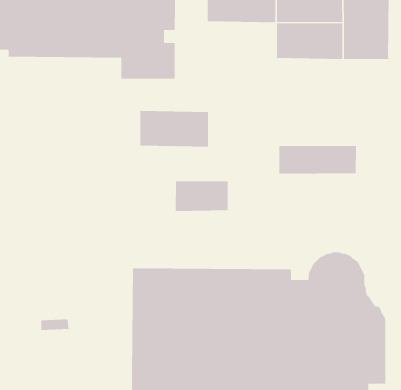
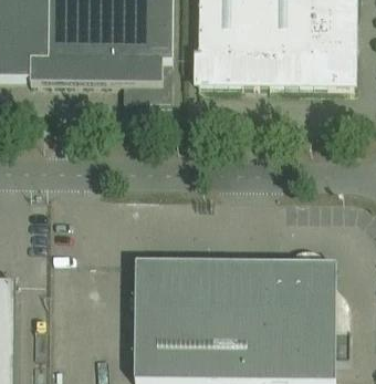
building: [139,111,209,147] -> [198,52,257,83]
building: [279,145,356,174] -> none
building: [175,180,228,212] -> none

